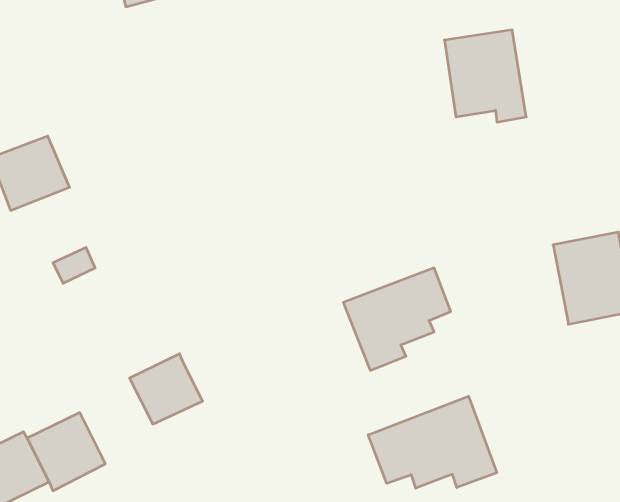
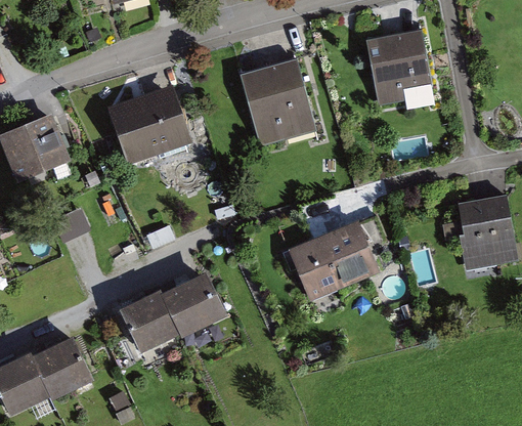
building: none -> [242,59,314,152]
building: none -> [112,87,191,157]
building: none -> [159,278,220,338]
building: [368,396,497,488] -> none

